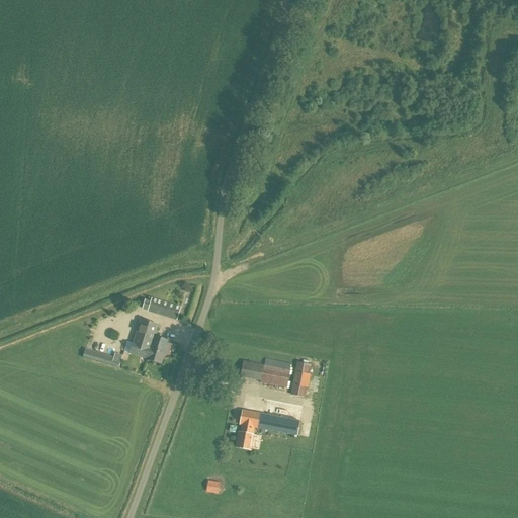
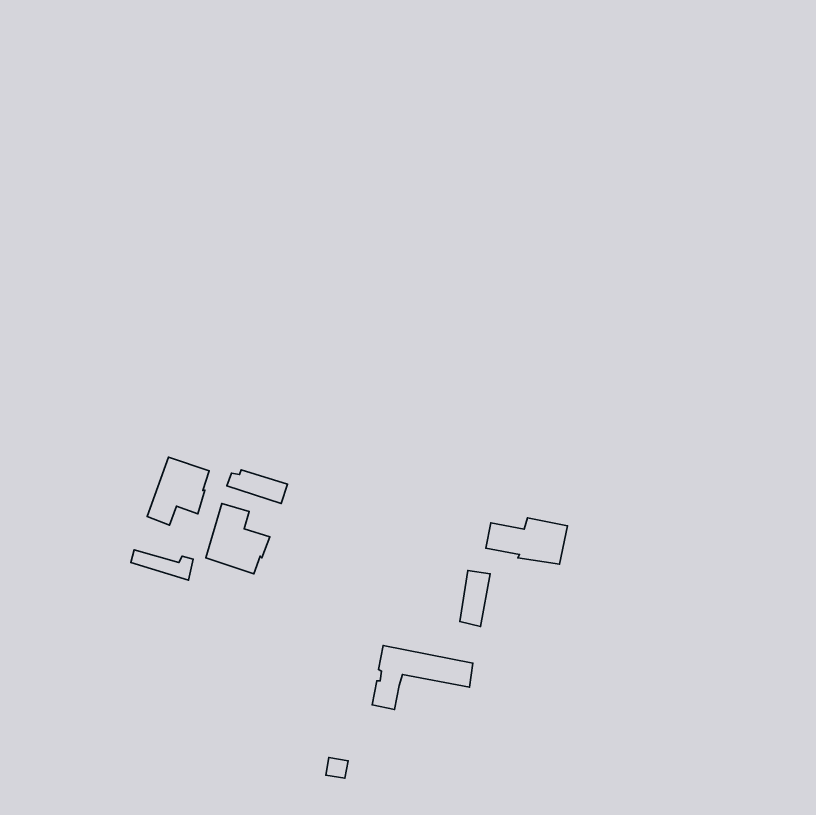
building: none -> [147,457,209,525]
building: [240,357,291,386] -> [486,518,567,564]

